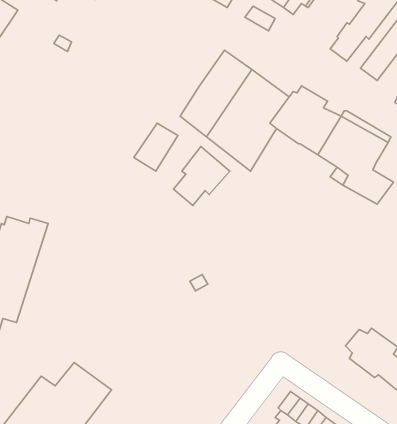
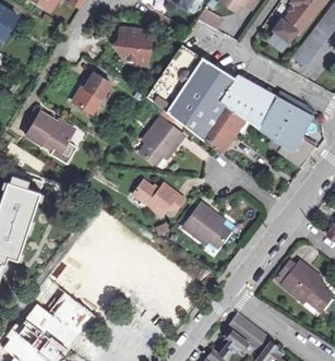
building: none -> [119,28,151,65]
building: [134,123,178,171] -> [75,76,110,115]
building: none -> [203,107,241,154]
building: none -> [26,113,73,156]
building: none -> [136,183,184,217]
building: none -> [186,206,232,249]

